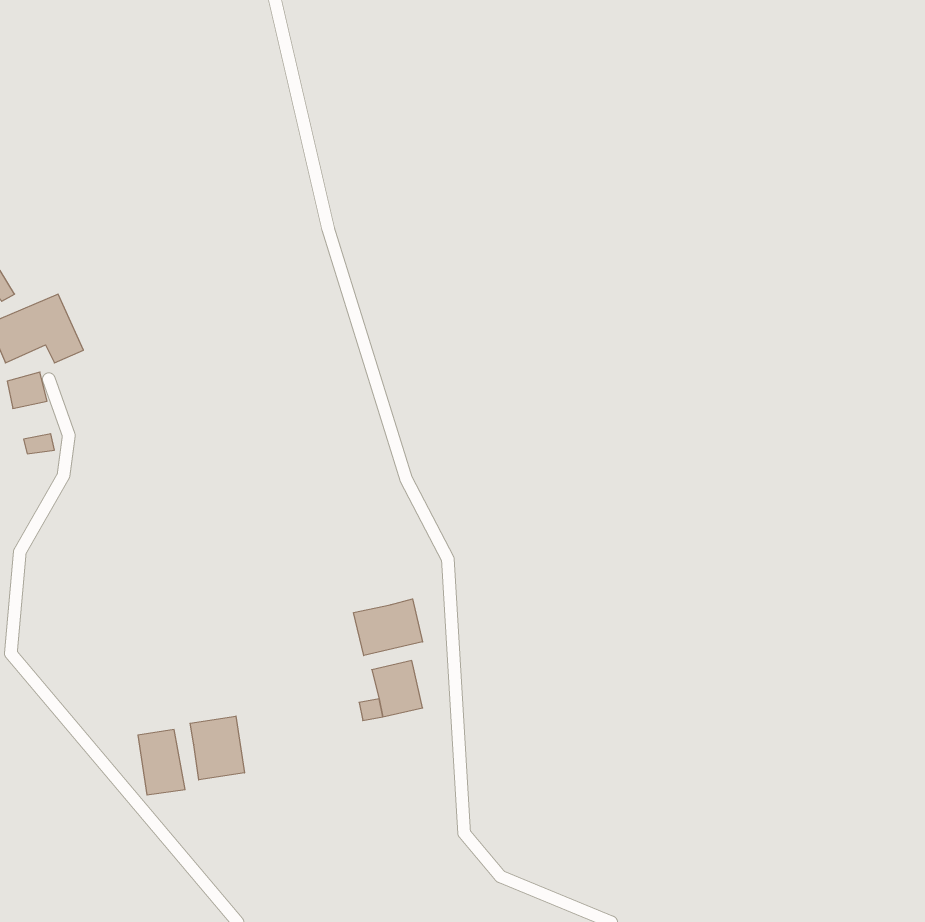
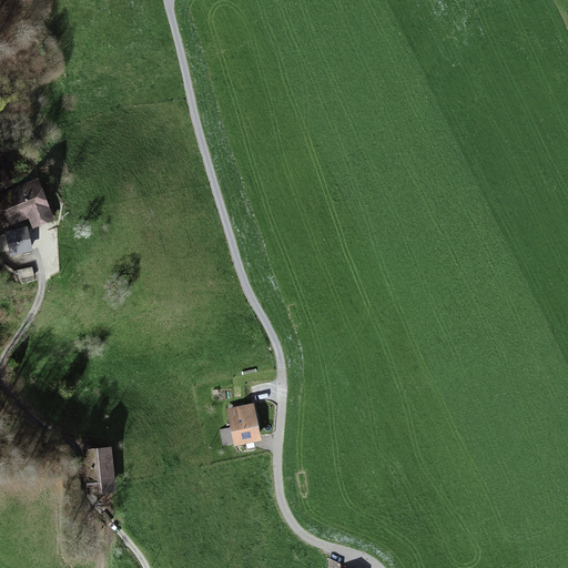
building: [354,599,423,656] -> none
building: [190,716,244,780] -> none

